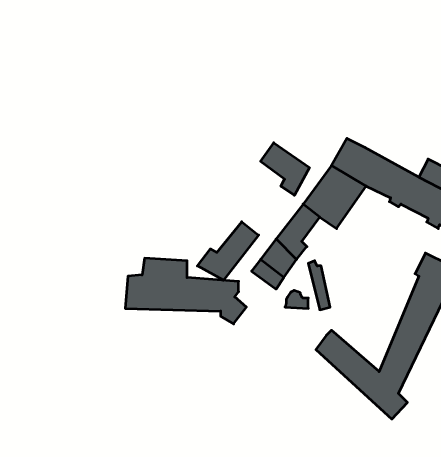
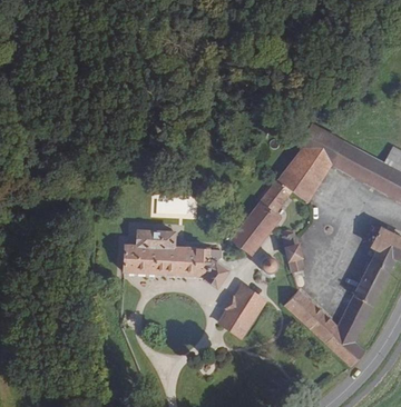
building: [261,143,309,195] -> none
building: [197,222,259,280] -> none
building: none -> [219,287,265,336]

